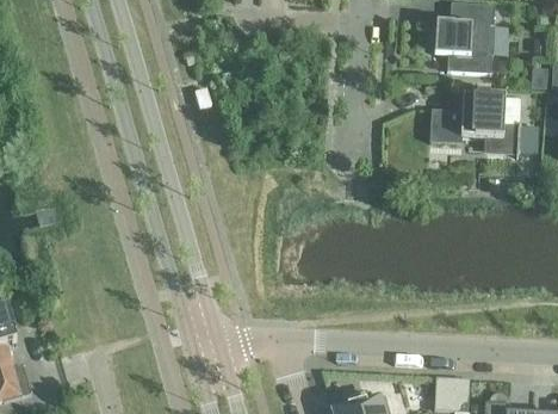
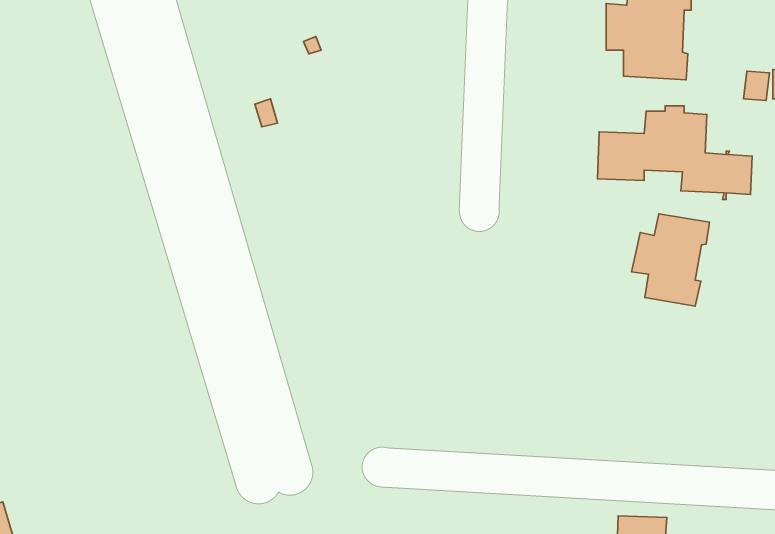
building: none -> [632,214,709,306]

